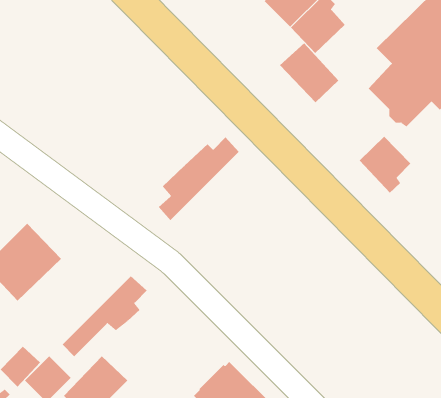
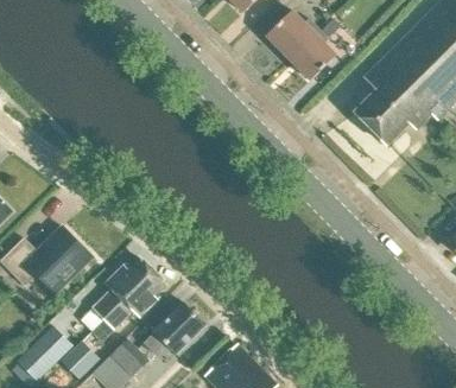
building: [279,42,339,103] -> none
building: [359,136,411,194] -> none
building: [158,137,239,221] -> [82,257,152,330]
building: none -> [144,303,205,354]

